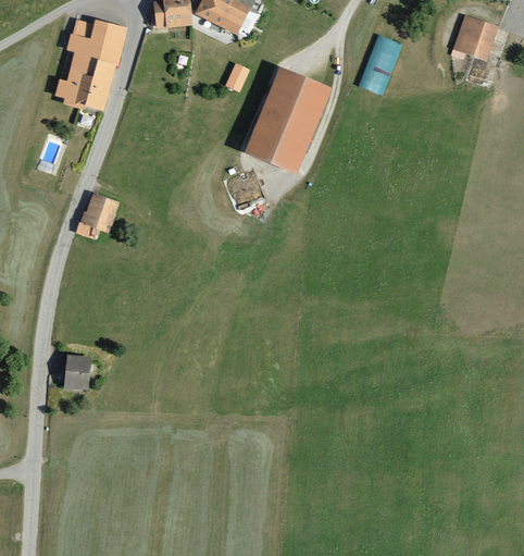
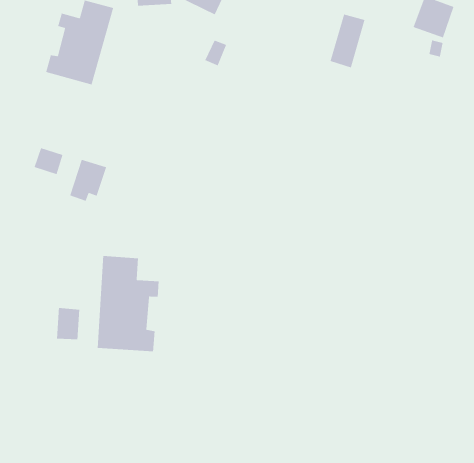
building: [242,65,332,174] -> none
building: none -> [34,147,63,175]
building: none -> [97,255,159,352]

